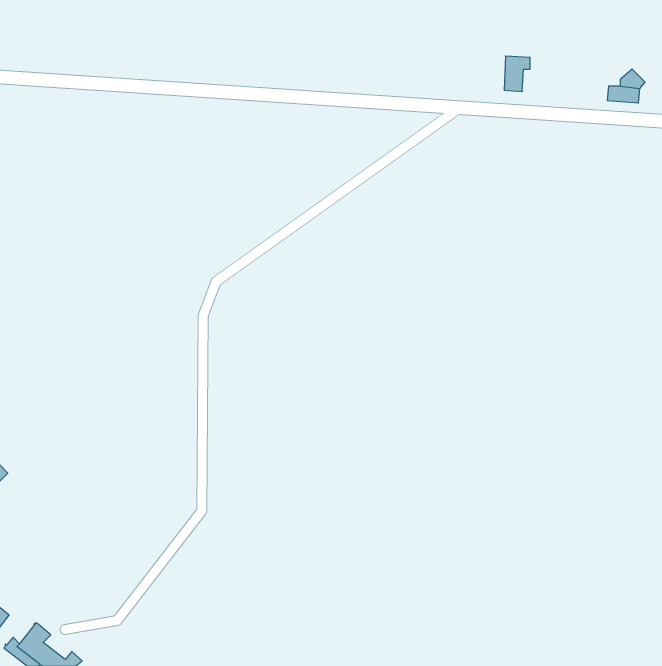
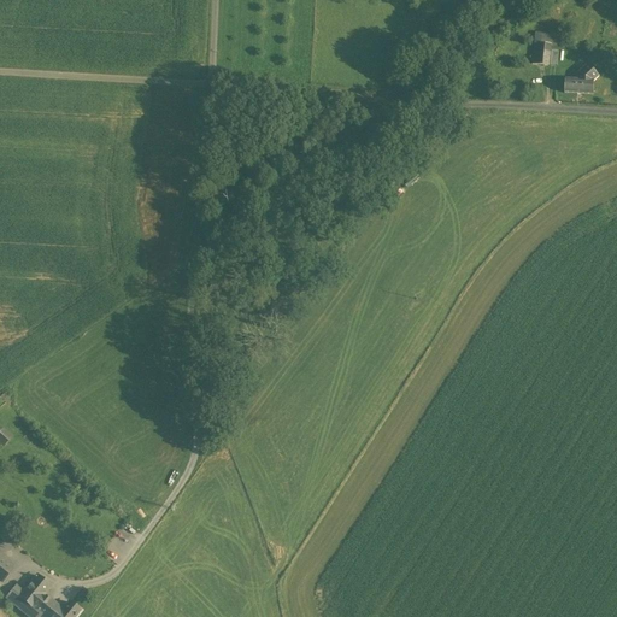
building: [504,56,530,91] -> [528,28,552,60]

